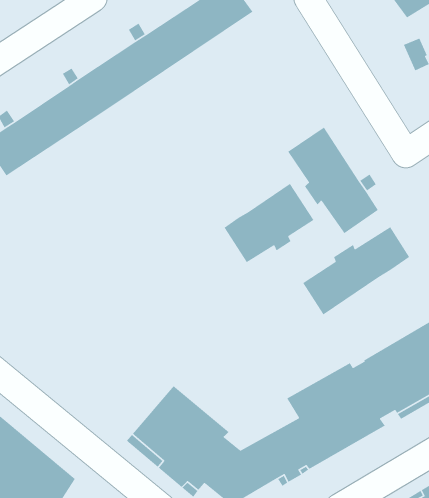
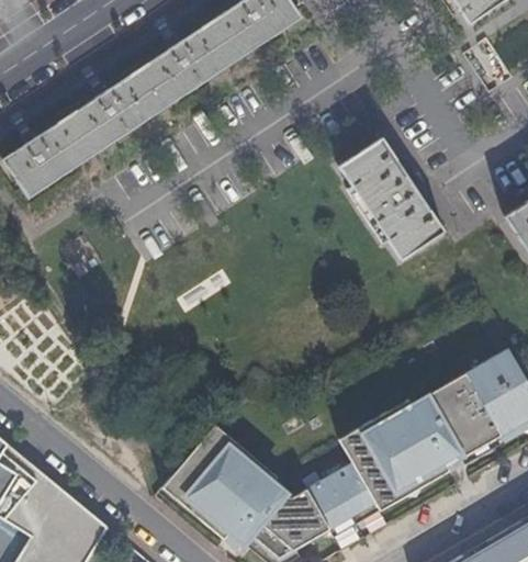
building: [223,183,314,263] -> none
building: [302,226,410,315] -> none

